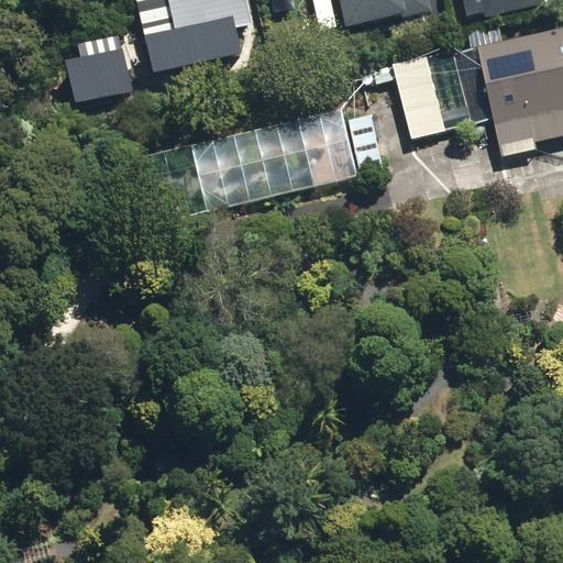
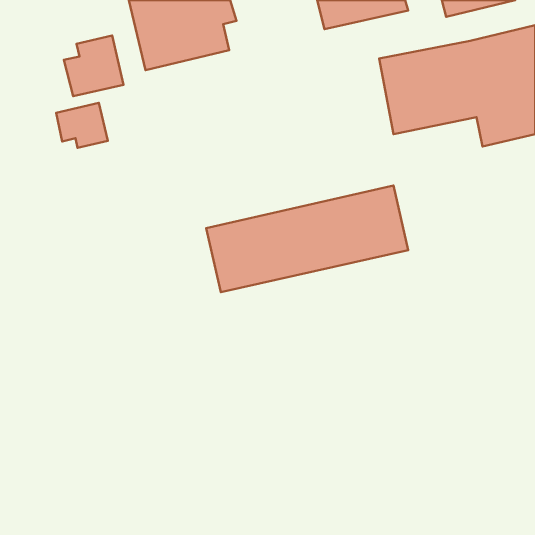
building: [146,107,358,219] -> [206,185,408,292]
building: none -> [56,103,108,148]

